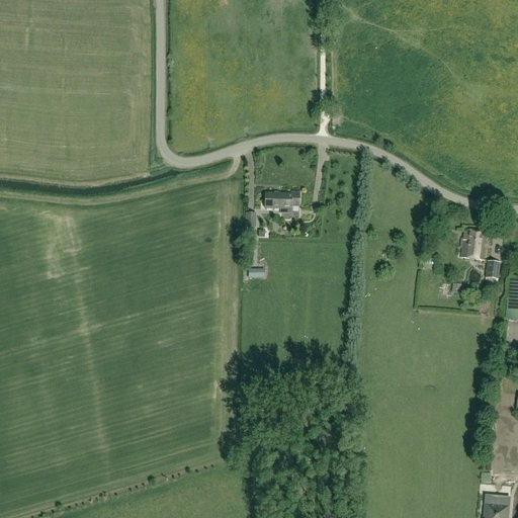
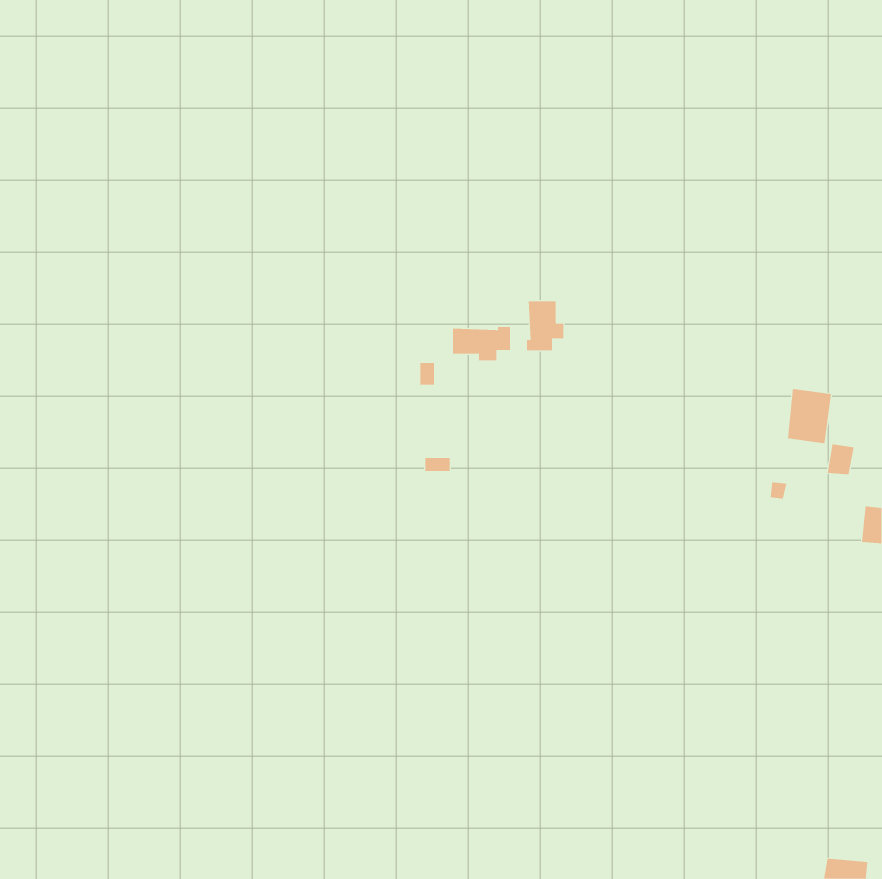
building: none -> [526,300,564,351]

